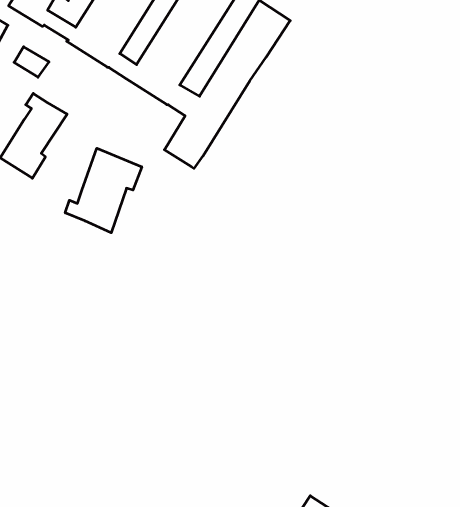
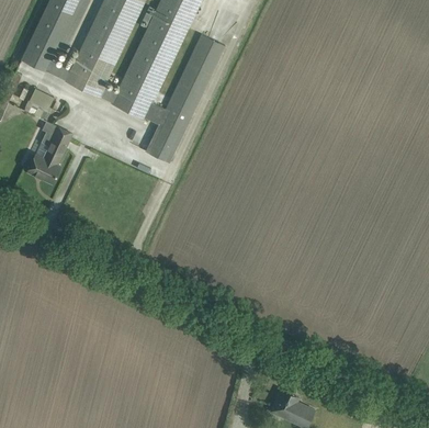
building: [65,148,142,233] -> none

